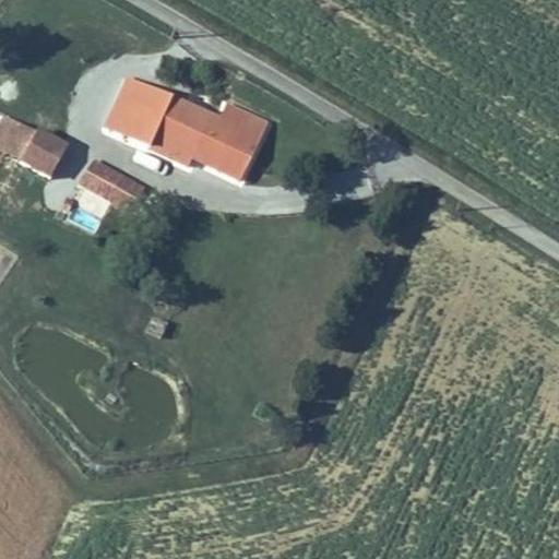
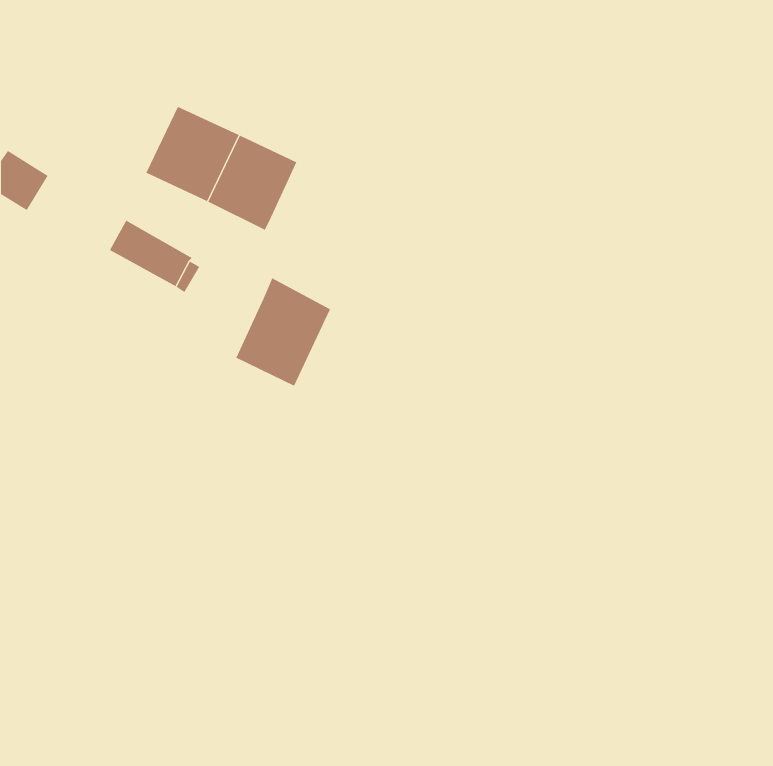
building: [195,102,264,180] -> [235,277,331,387]
building: [21,127,66,169] -> none

